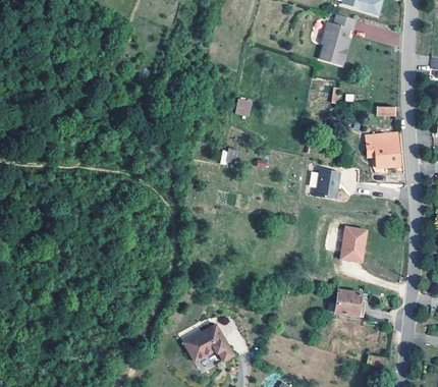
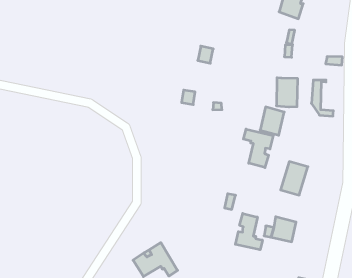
building: [375,132,400,165] -> [276,78,298,107]
building: none -> [243,129,273,168]
building: none -> [235,213,262,250]

